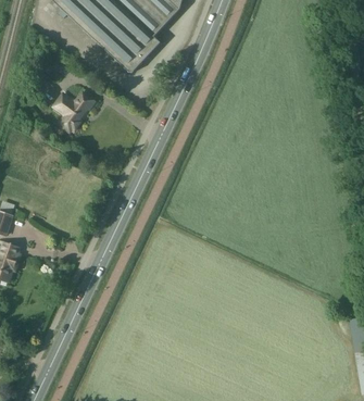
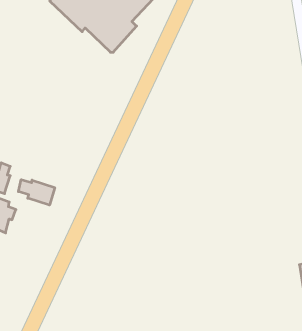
building: [54,93,95,133] -> none
building: none -> [18,180,55,205]

